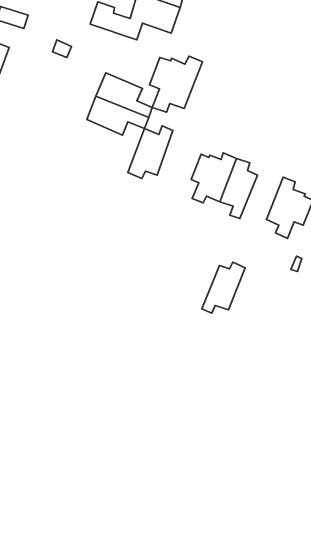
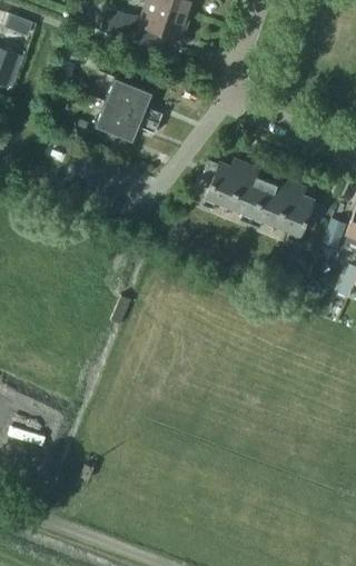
building: [150,56,202,112] -> none
building: [128,126,173,179] -> none
building: [202,262,245,313] -> [250,178,294,229]

